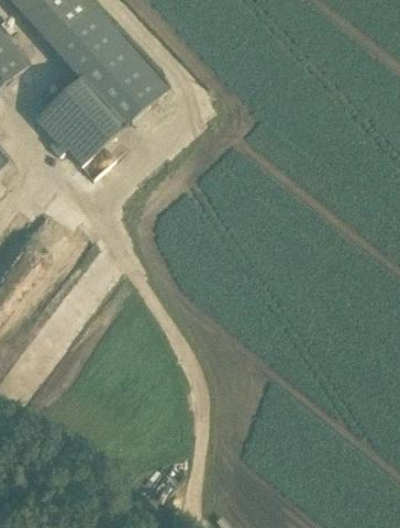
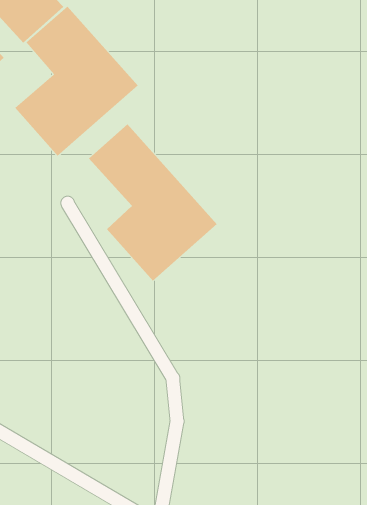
building: none -> [88,123,218,281]

